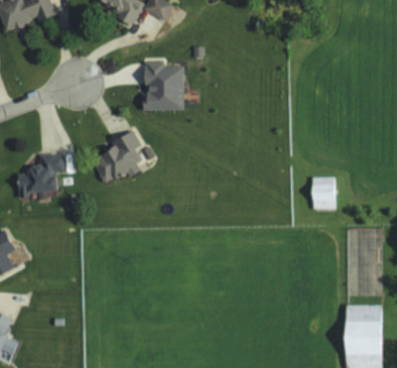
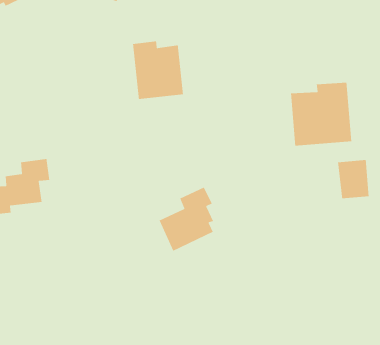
building: none -> [290,82,352,147]
building: [94,130,141,183] -> [158,187,214,252]

